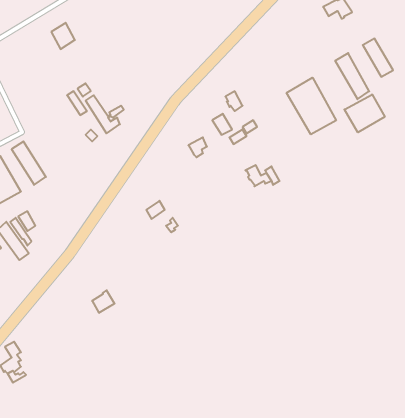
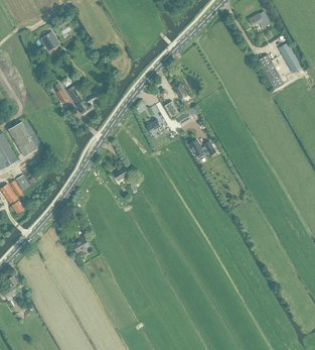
building: [287,78,336,134] -> none
building: [344,94,385,132] -> none

